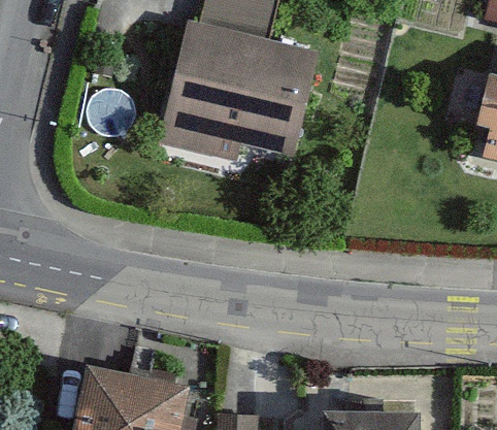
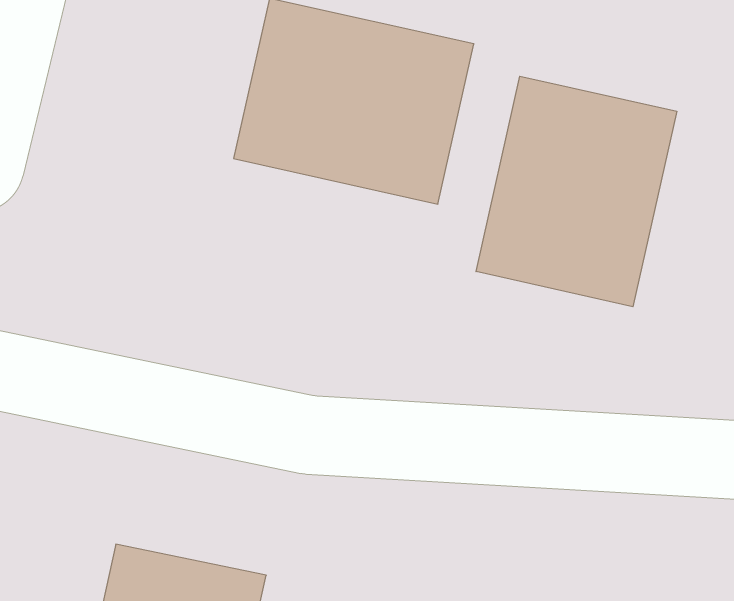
building: none -> [476,76,677,307]

